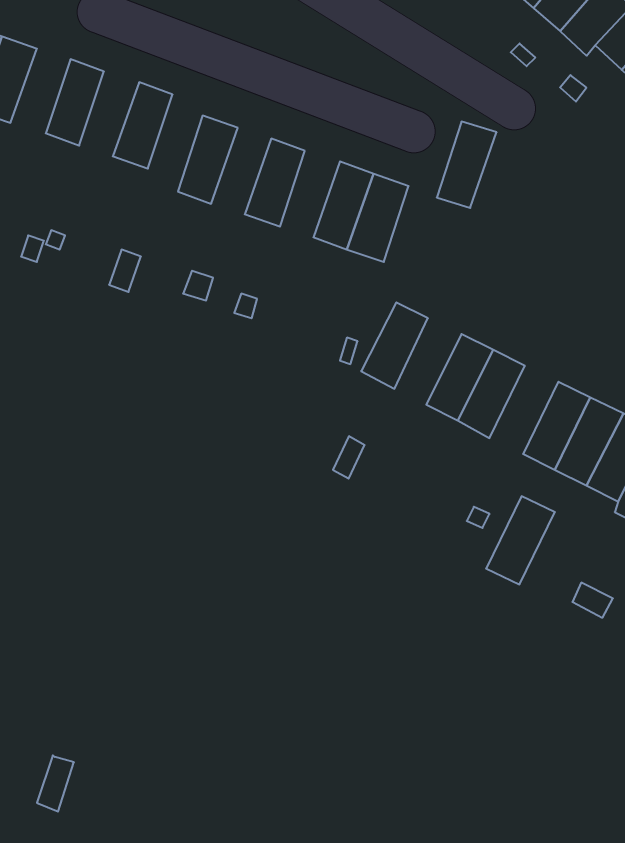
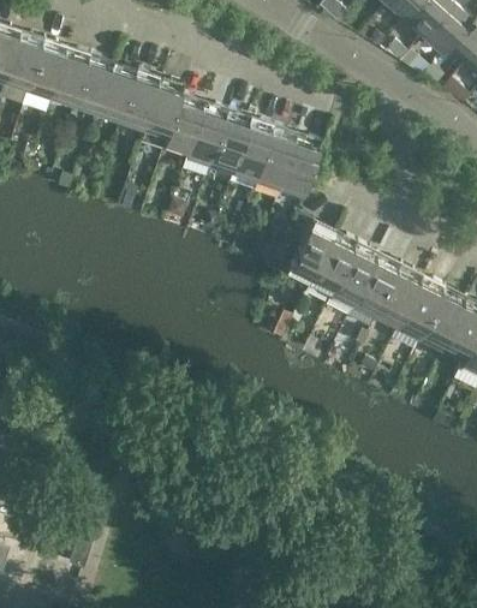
building: none -> [49,52,90,109]
building: none -> [96,67,137,125]
building: none -> [143,83,183,149]
building: [437,122,497,208] -> [233,121,274,180]
building: none -> [186,106,227,165]
building: none -> [311,236,357,294]
building: [486,496,555,584] -> [376,268,423,328]

